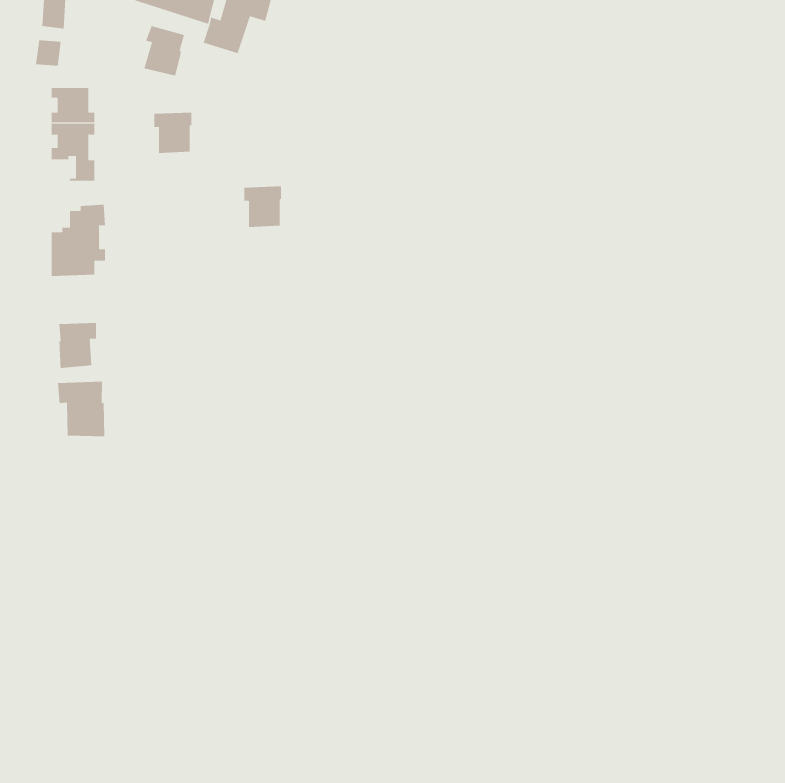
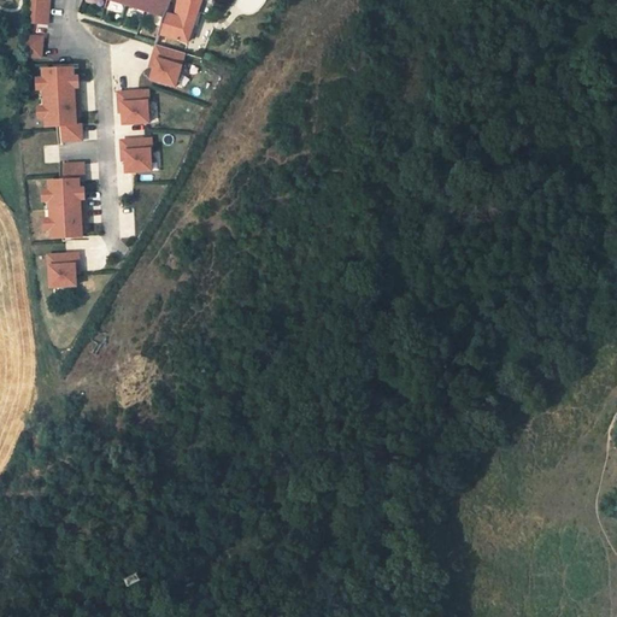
building: [143,26,185,76] -> [151,43,183,83]
building: [244,186,282,227] -> [123,137,153,170]
building: none -> [40,216,75,239]
building: [58,381,105,437] -> none

